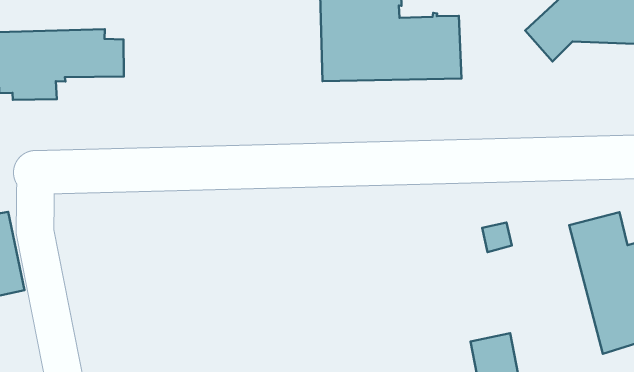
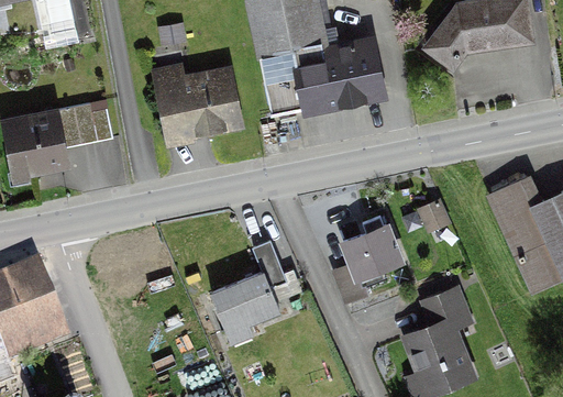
building: none -> [155,73,240,136]
building: none -> [334,217,399,302]
building: none -> [211,241,283,331]

